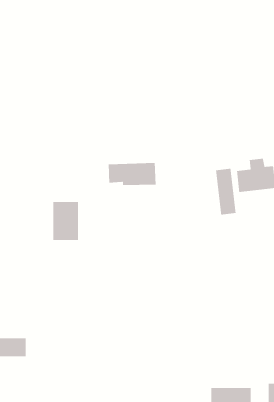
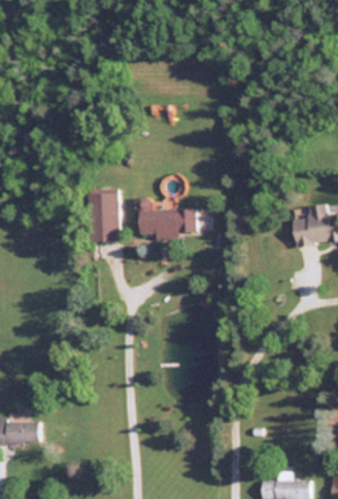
building: [215,168,236,215] -> none
building: [52,201,79,241] -> [87,194,119,241]

